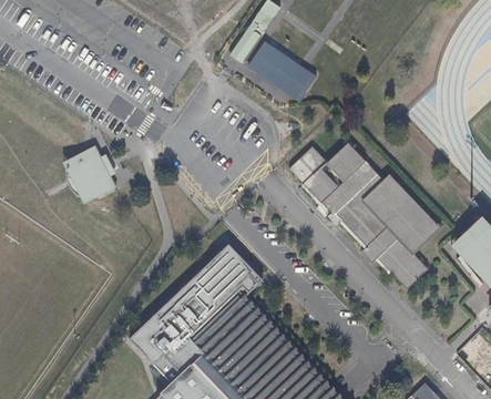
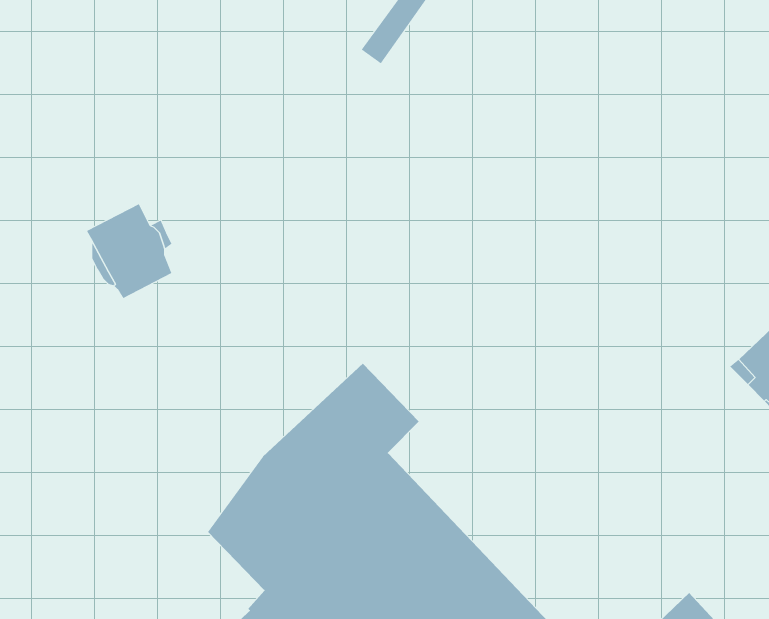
building: [247,43,315,102] -> none
building: [294,141,440,287] -> none

